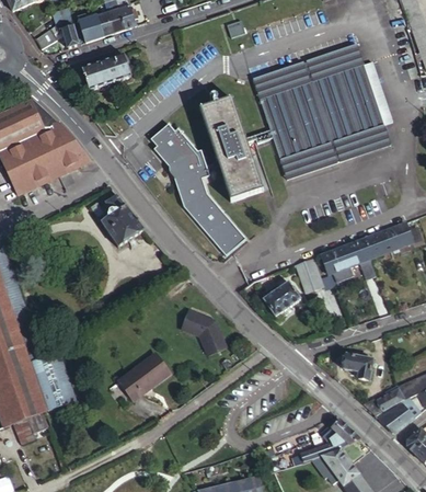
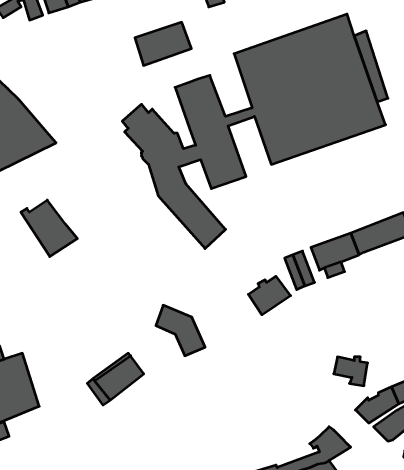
building: [82,54,134,93] -> [135,22,191,65]
building: [94,193,146,244] -> [21,200,77,257]

